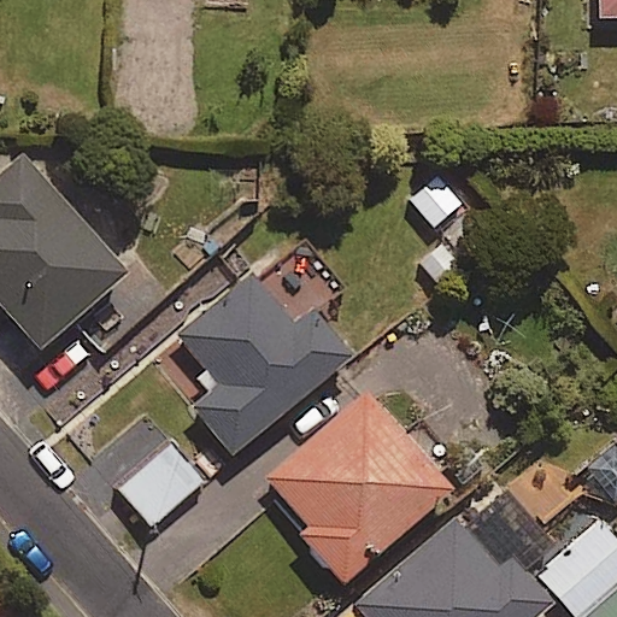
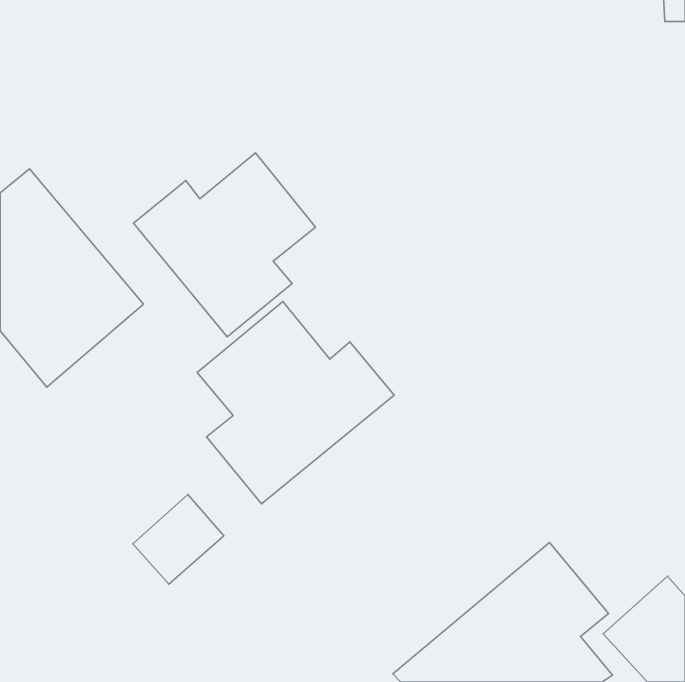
building: none -> [134,153,316,337]
building: [260,395,447,588] -> none

